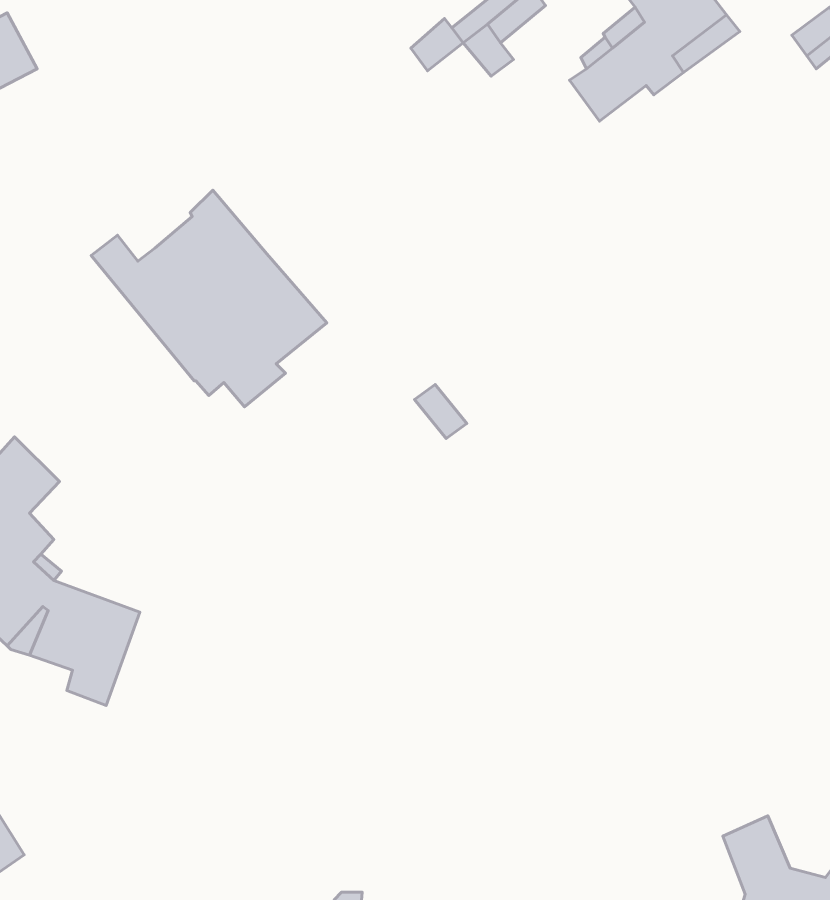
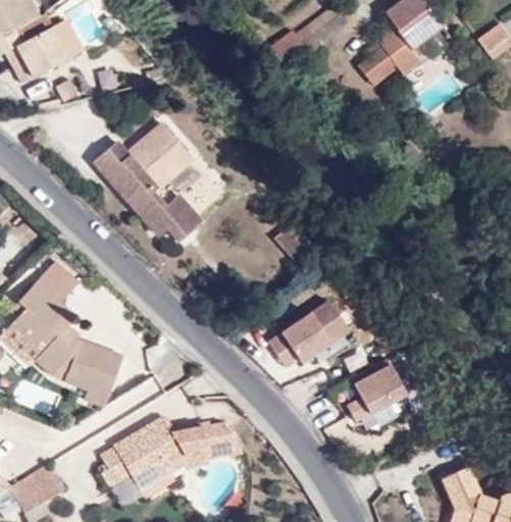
building: none -> [269,304,357,370]
building: none -> [348,372,411,429]
building: none -> [97,416,242,489]

